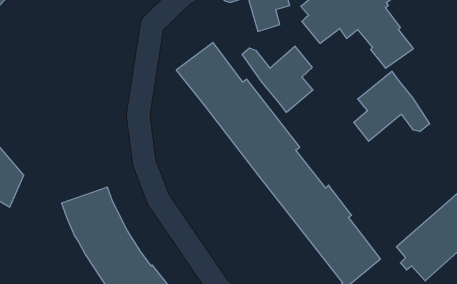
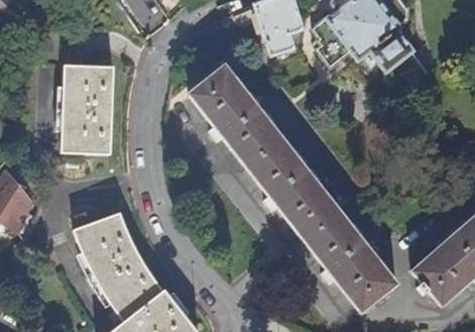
building: none -> [61,66,113,153]
building: [242,46,313,112] -> none
building: [354,71,430,141] -> none

